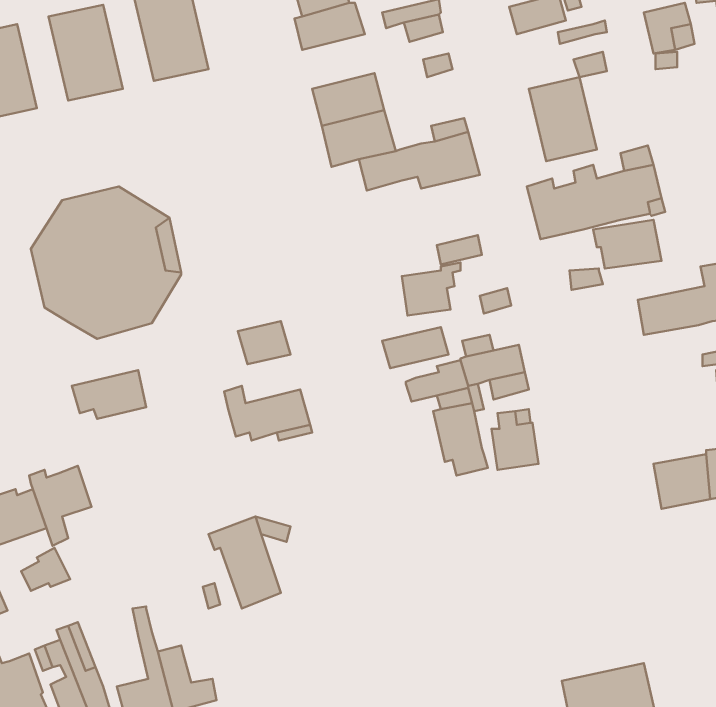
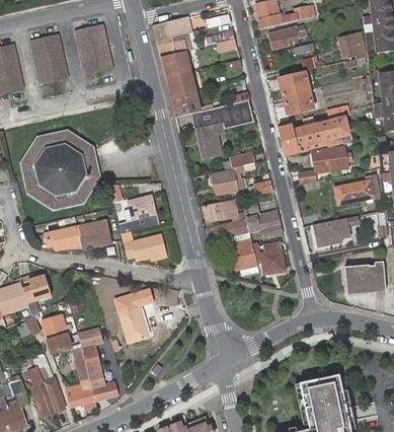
building: none -> [161,49,199,77]
building: none -> [194,123,224,160]
building: none -> [76,216,109,247]
building: none -> [312,218,349,247]
building: none -> [41,313,70,351]
building: none -> [76,328,99,369]

